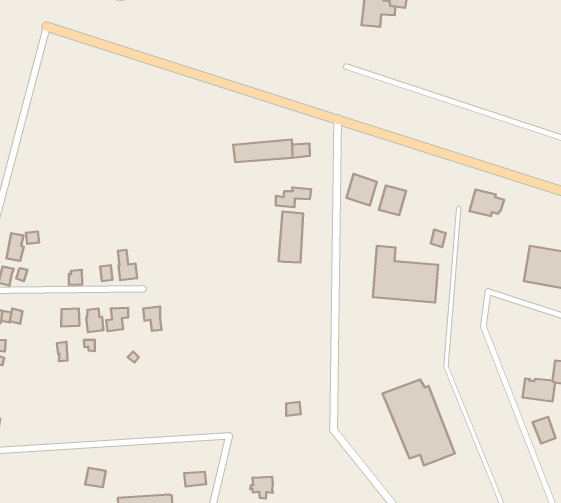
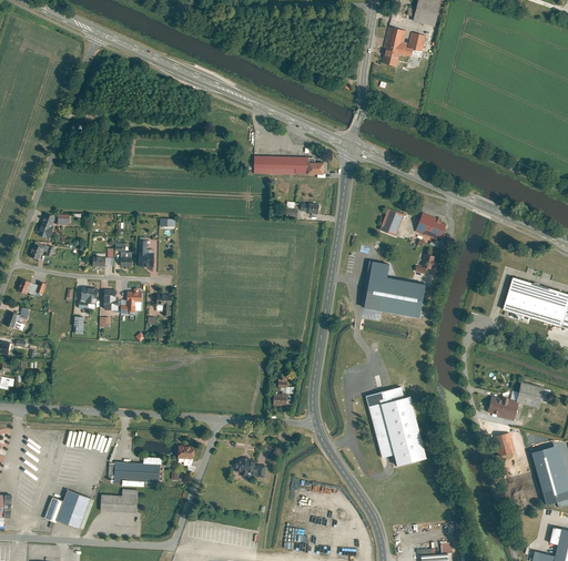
building: [346,174,377,206] -> none
building: [469,189,504,216] -> [416,213,448,238]
building: [278,211,303,262] -> none

